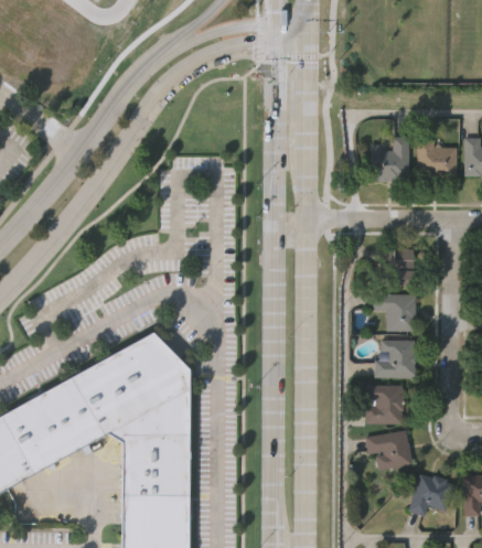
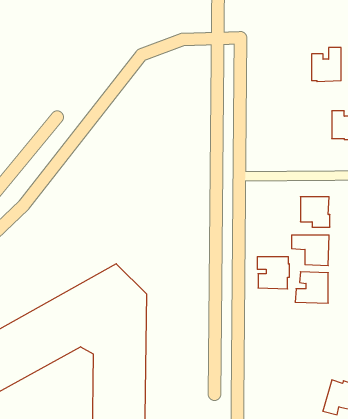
building: [372,138,408,180] -> [312,48,341,82]
building: [364,386,404,426] -> [257,257,289,289]
building: [364,430,411,472] -> none

